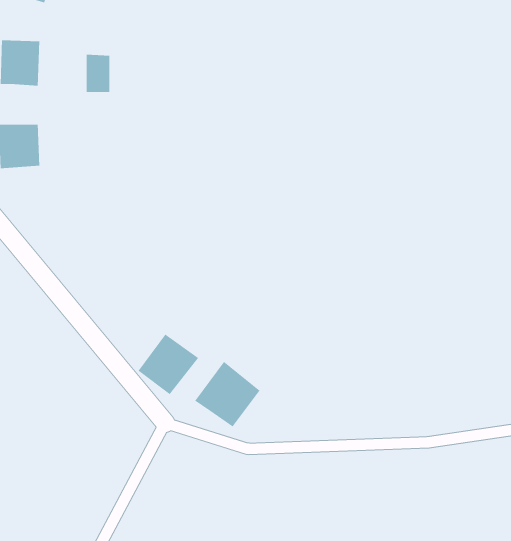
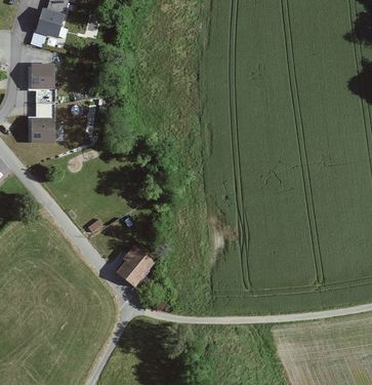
building: [86,54,110,93] -> [38,89,53,114]
building: [194,361,261,428] -> none

